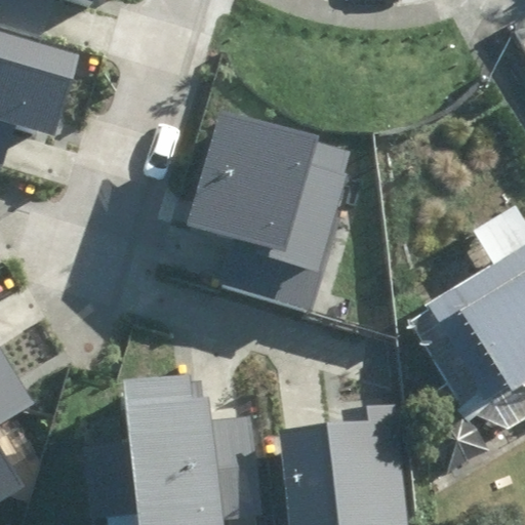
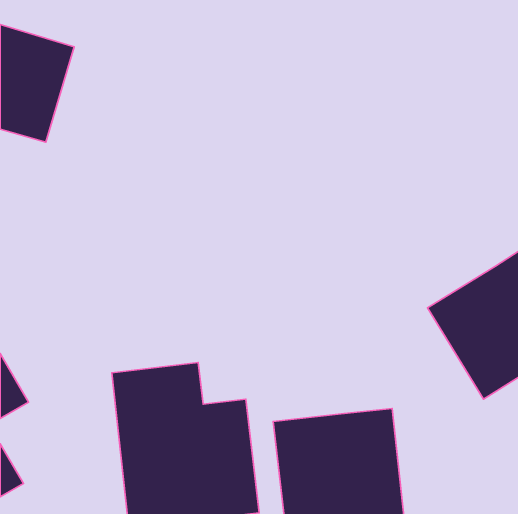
building: [183,113,350,304] -> none

